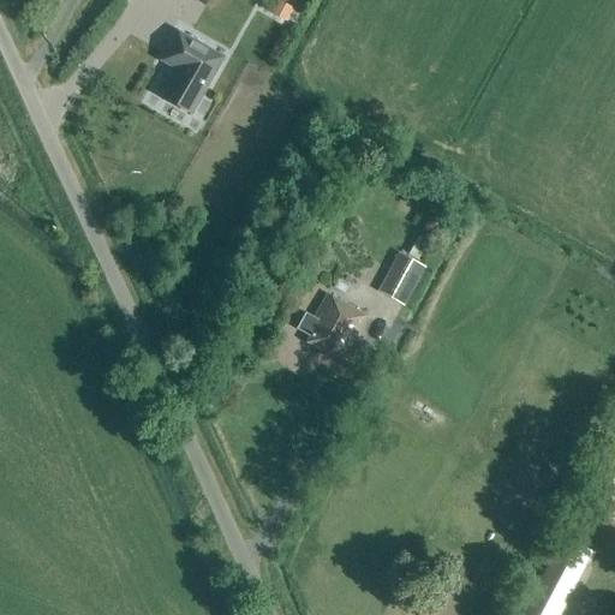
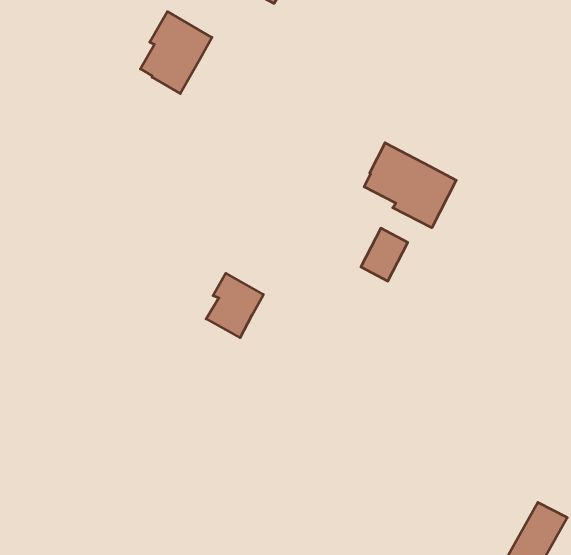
building: none -> [364,143,456,228]
building: [308,294,366,360] -> [206,273,263,338]

